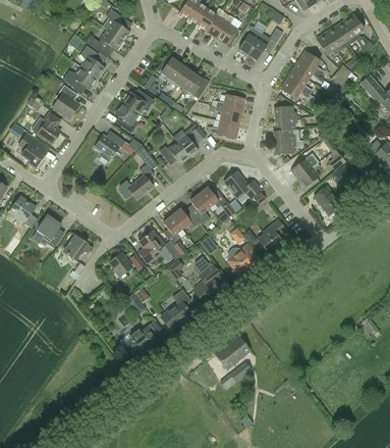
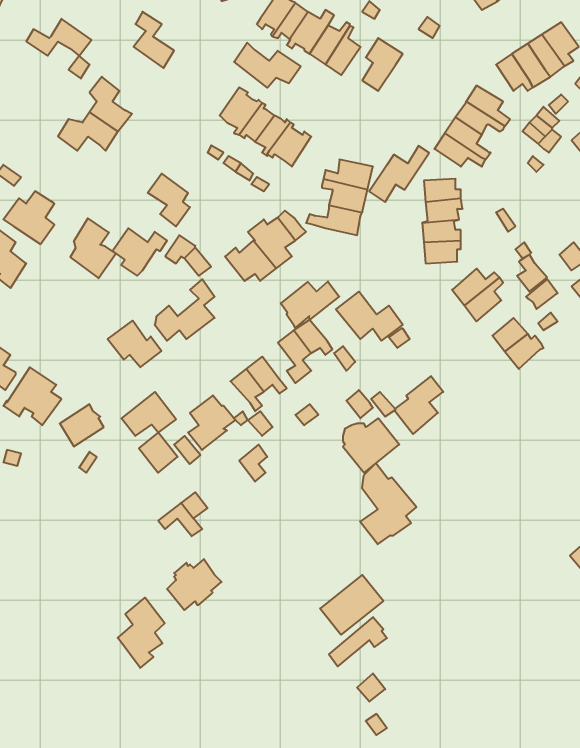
building: none -> [234,43,301,88]
building: [248,28,283,60] -> [369,146,429,202]
building: [87,29,124,50] -> [26,19,91,56]
building: [54,84,80,118] -> [70,218,116,278]
building: [123,91,155,113] -> none
building: none -> [281,281,339,328]
building: none -> [108,321,161,367]
building: none -> [121,392,176,436]
building: [193,255,226,302] -> [360,463,416,544]
building: [161,289,192,330] -> none
building: none -> [118,598,165,668]

